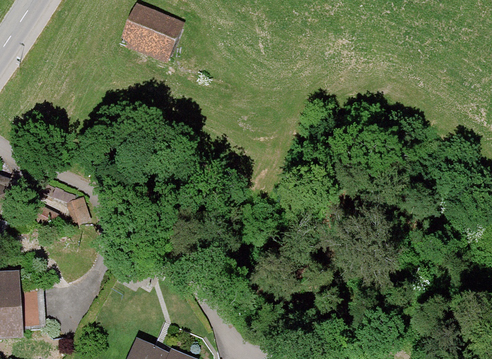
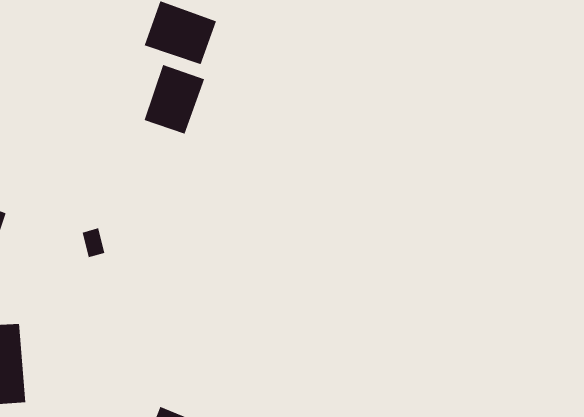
building: none -> [144,64,205,134]

